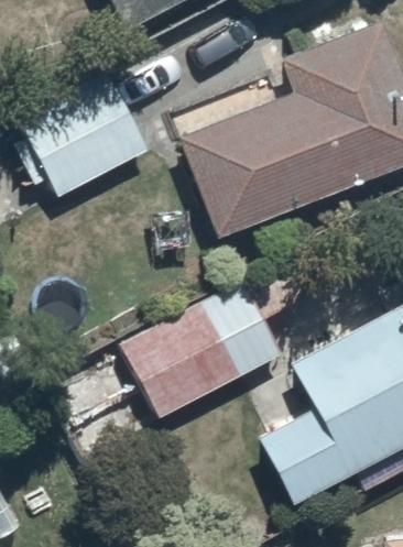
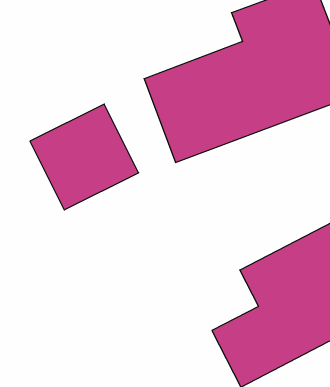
building: [17,68,145,194] -> [30,104,139,210]
building: [122,259,303,415] -> none

